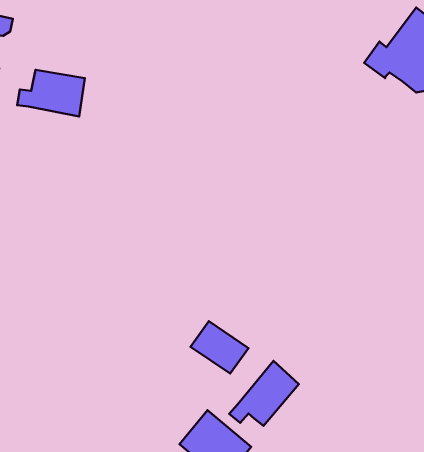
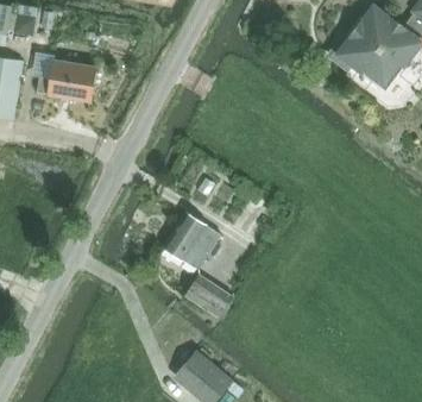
building: none -> [162,212,220,270]
building: [229,361,299,426] -> none

